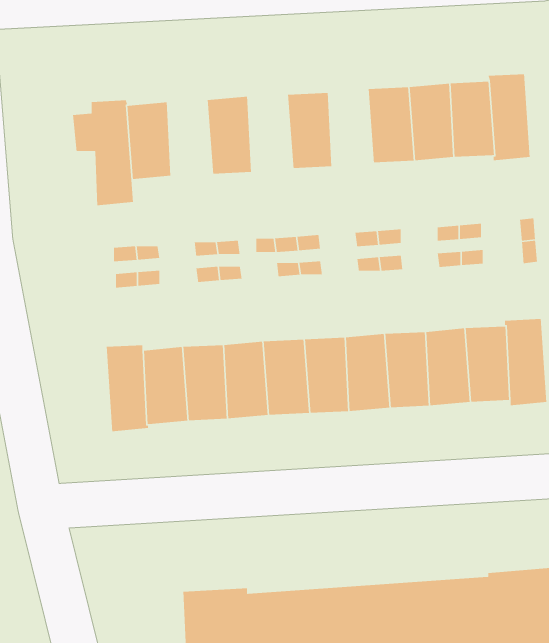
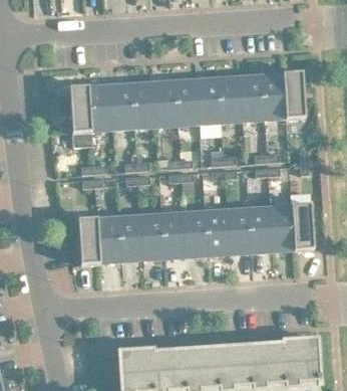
building: none -> [198,78,222,121]
building: none -> [154,81,179,124]
building: none -> [111,84,135,126]

